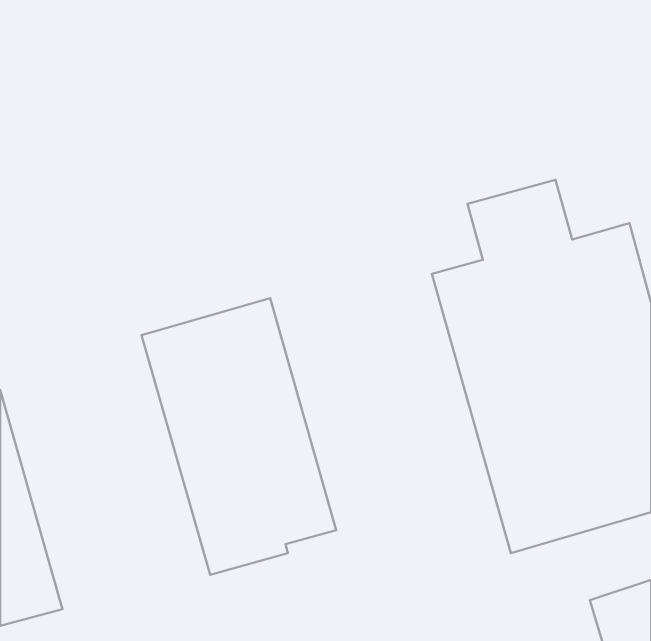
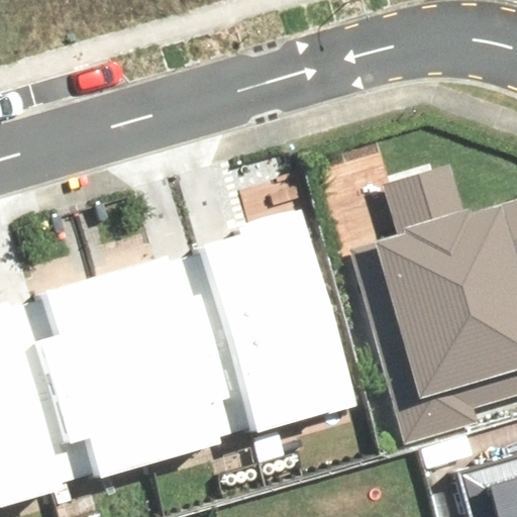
building: none -> [218,213,367,424]
building: none -> [4,272,159,485]

